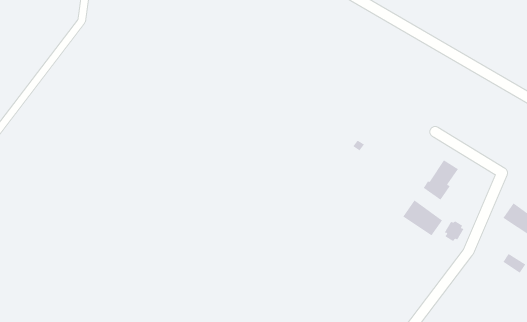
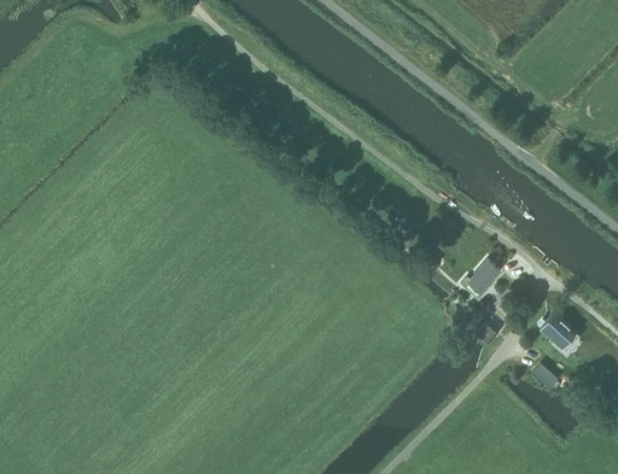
building: [402,199,443,236] -> none

